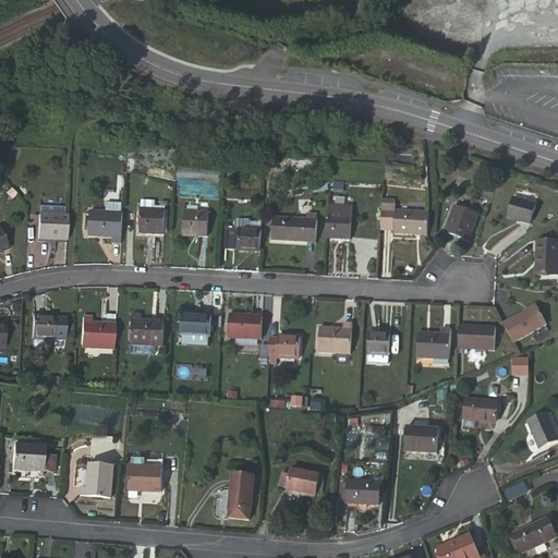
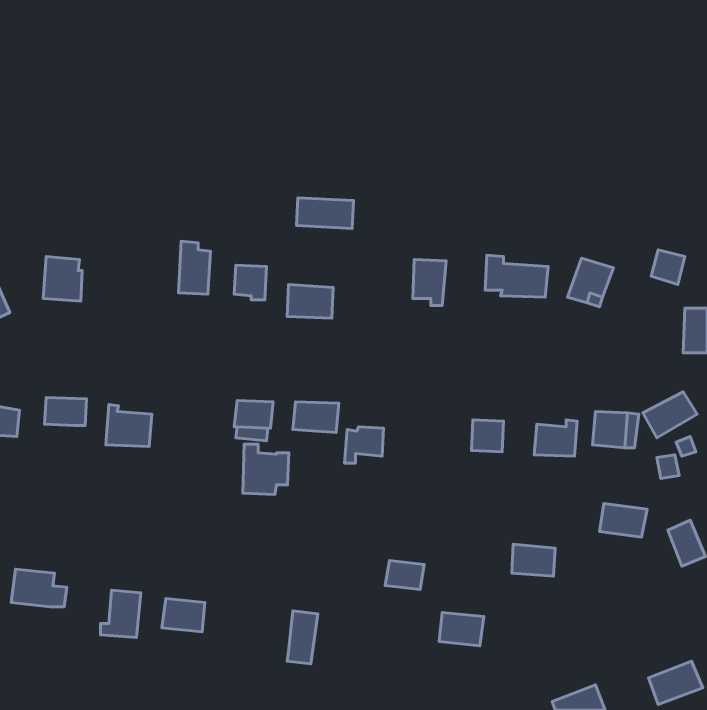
building: [89,201,122,240] -> none
building: [269,215,314,239] -> [296,198,354,228]
building: [131,311,167,350] -> [243,444,289,495]
building: [318,317,355,351] -> none
building: [280,469,311,492] -> [385,560,424,590]

